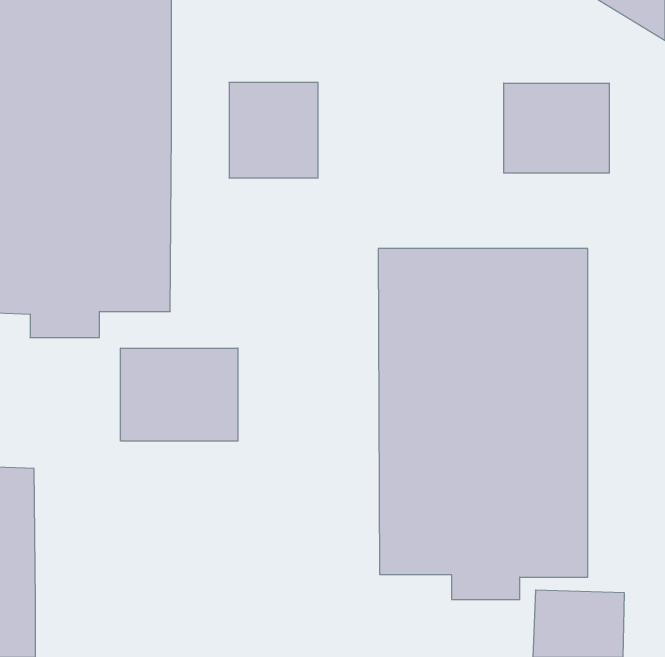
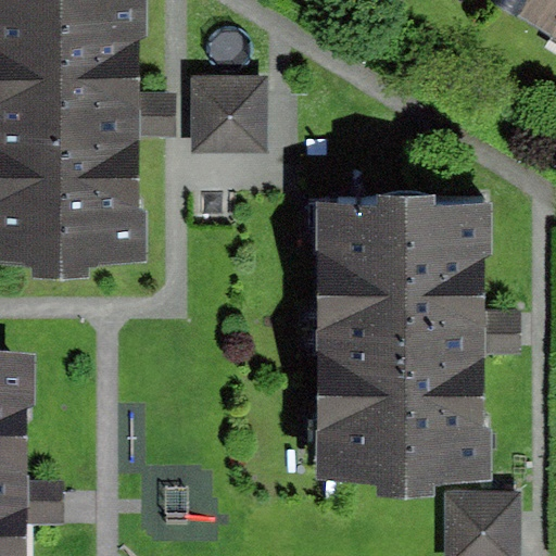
building: [504,83,609,173] -> none
building: [121,348,238,441] -> none

